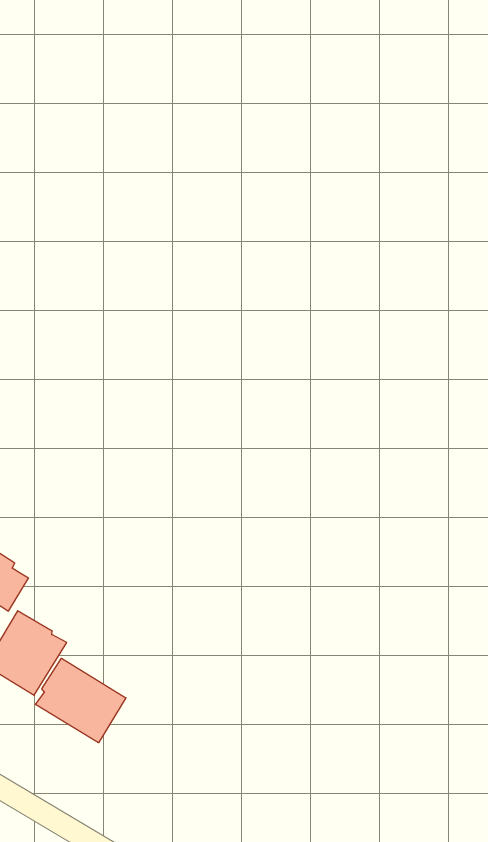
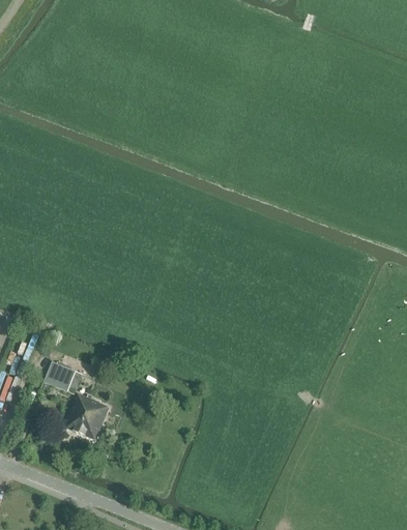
building: [35,658,126,743] -> none

